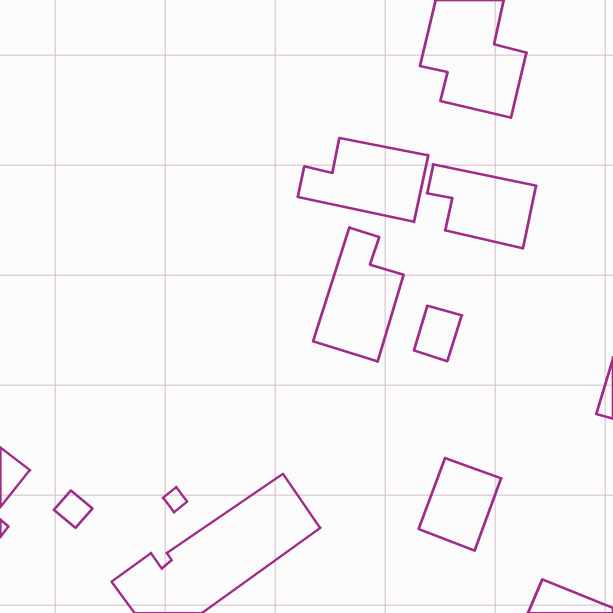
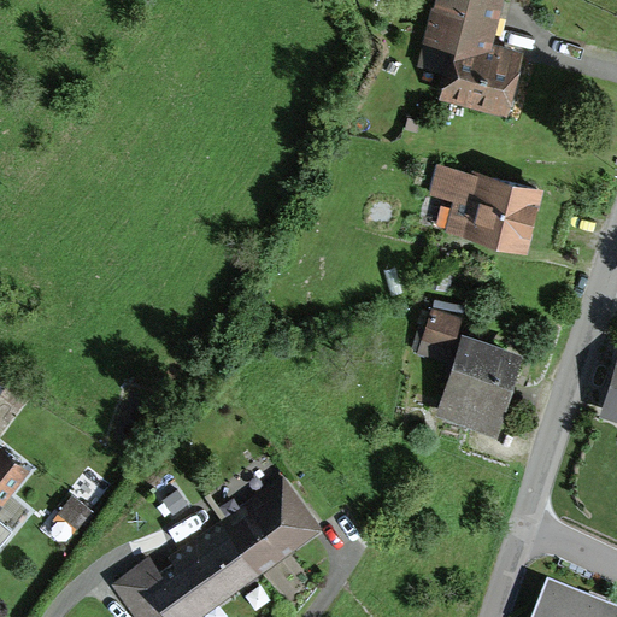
building: [298,138,428,222] -> none
building: [313,227,403,362] -> none
building: [419,458,501,550] -> [439,339,522,431]

